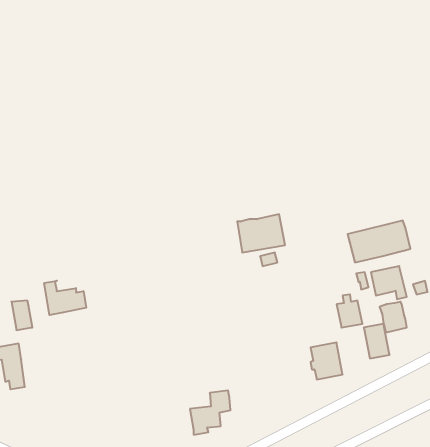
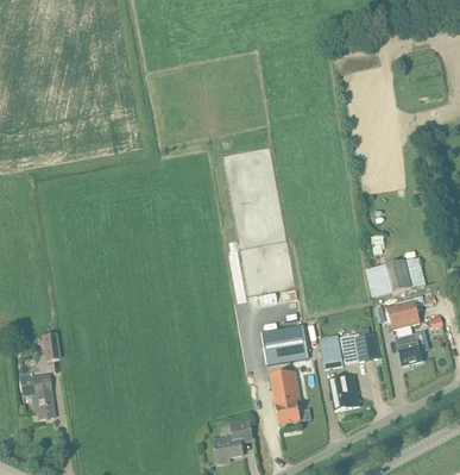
building: [237,214,285,252] -> [261,326,308,363]
building: [44,281,86,315] -> none
building: [364,324,390,358] -> [319,333,344,367]
building: none -> [270,369,301,423]

